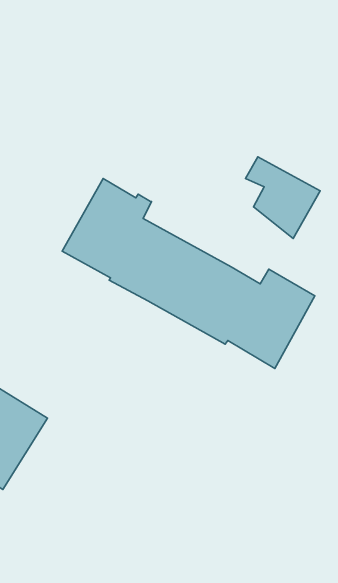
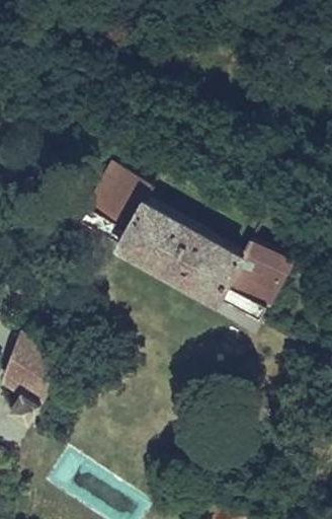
building: [246,157,320,238] -> none

